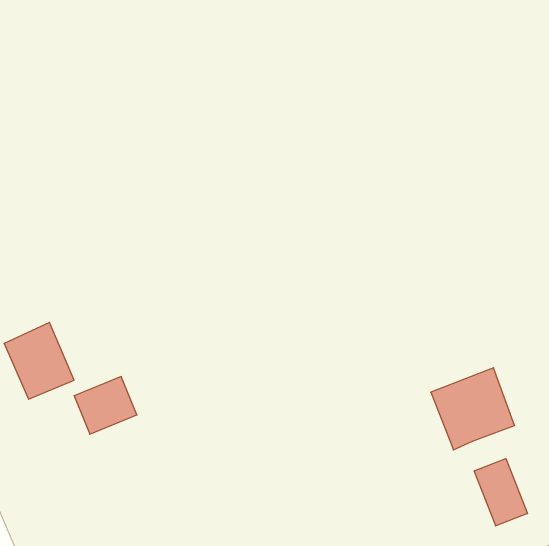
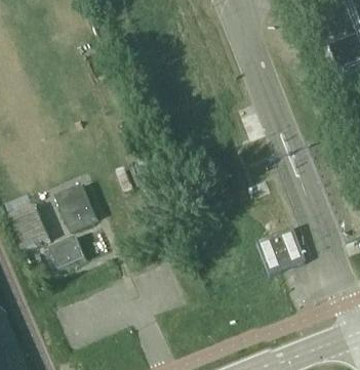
building: none -> [53,182,95,229]
building: [474,459,527,526] -> none

